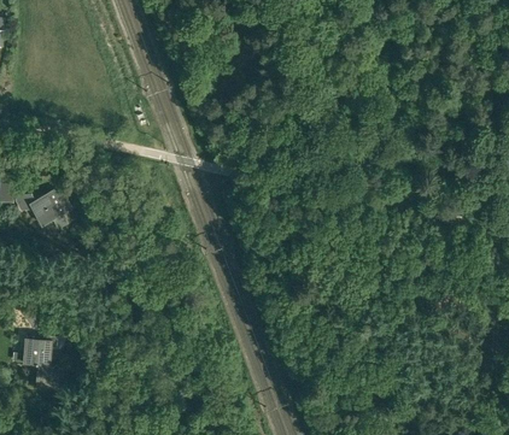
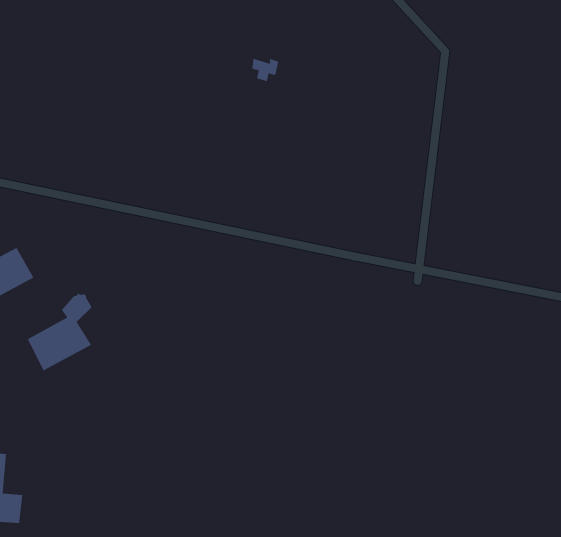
building: none -> [27,293,93,372]

